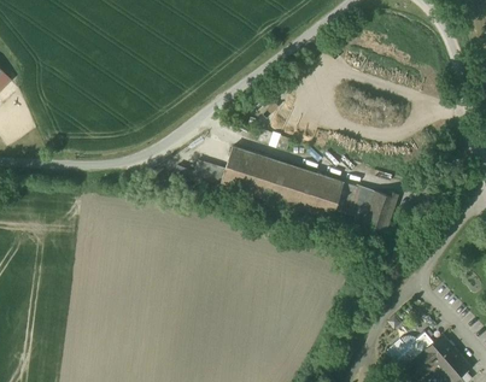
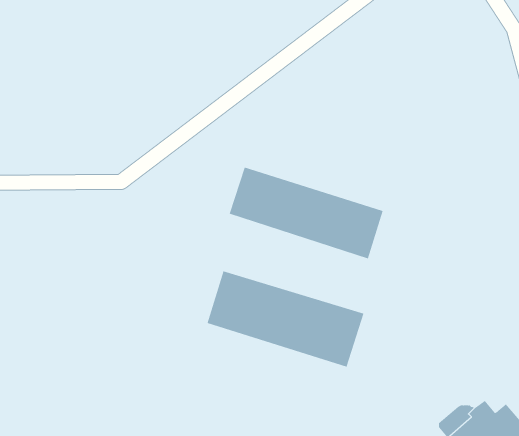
building: [349,184,398,229] -> none
building: none -> [207,270,364,368]

